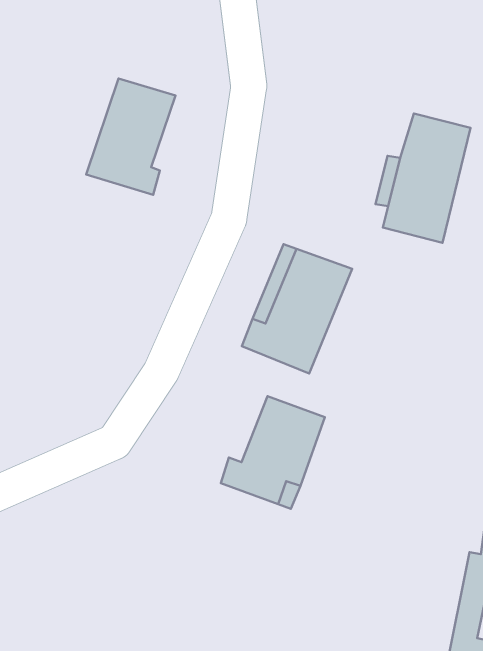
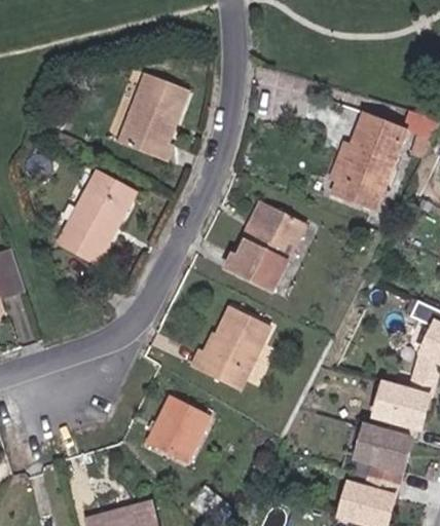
building: none -> [59,172,134,262]
building: none -> [148,398,214,467]

